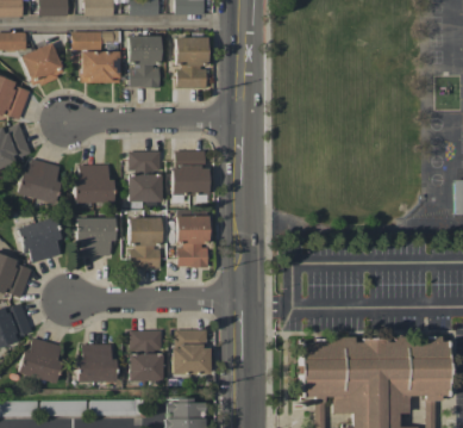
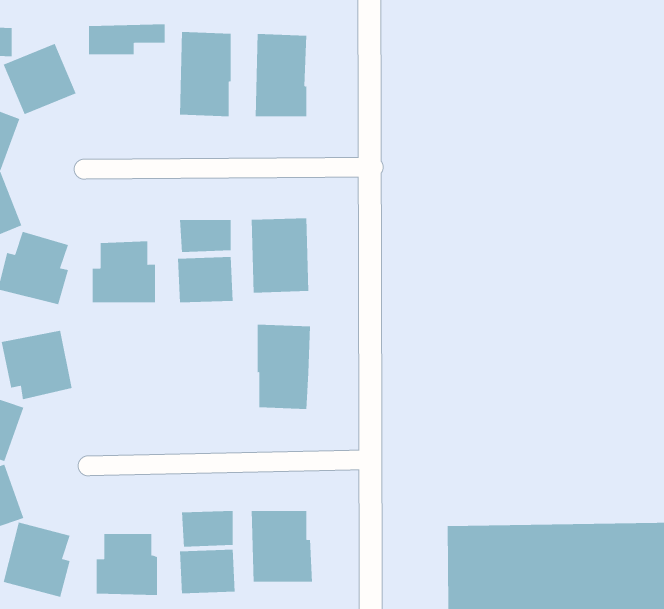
building: [81,51,120,83] -> none
building: [76,218,115,256] -> none
building: [129,218,161,268] -> none

